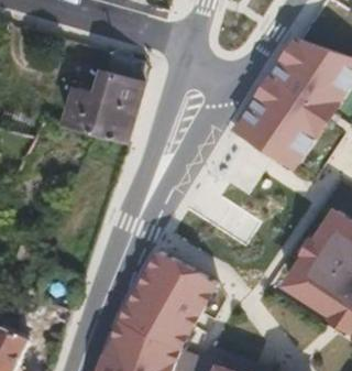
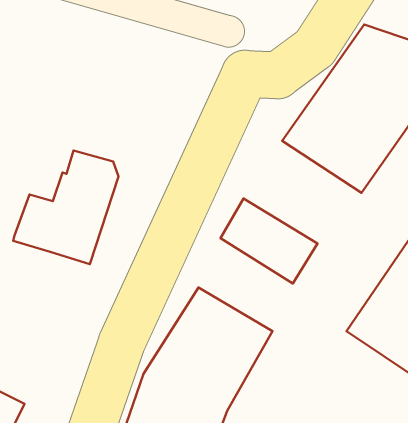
building: [57,51,142,142] -> [13,151,119,264]

